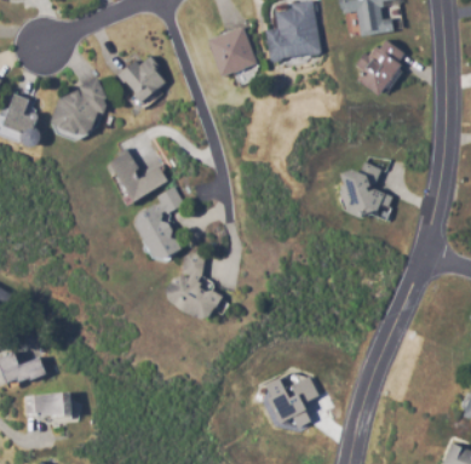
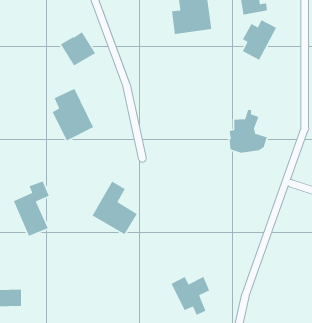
building: [207,27,255,76] -> none
building: [50,81,109,138] -> none
building: [132,188,180,262] -> [13,180,50,237]

